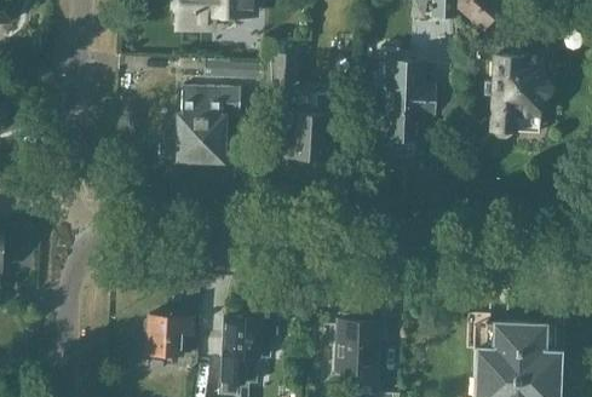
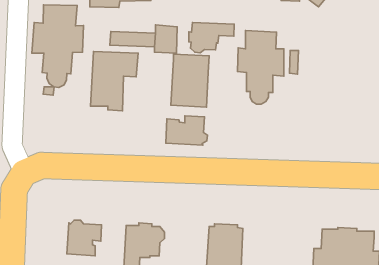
building: none -> [32,5,84,87]
building: [479,46,553,139] -> none
building: none -> [189,22,234,53]
building: none -> [166,116,208,145]

